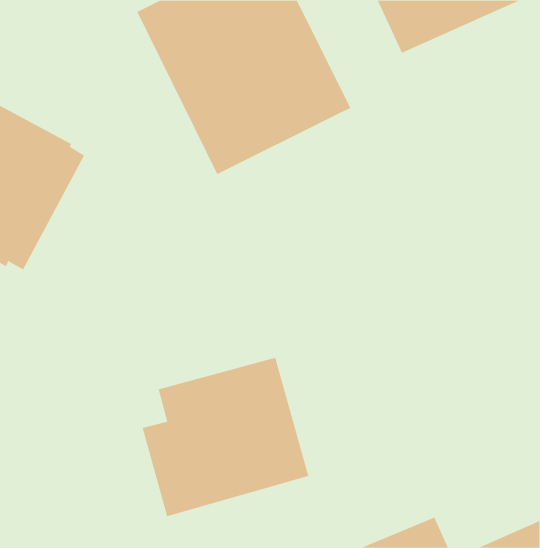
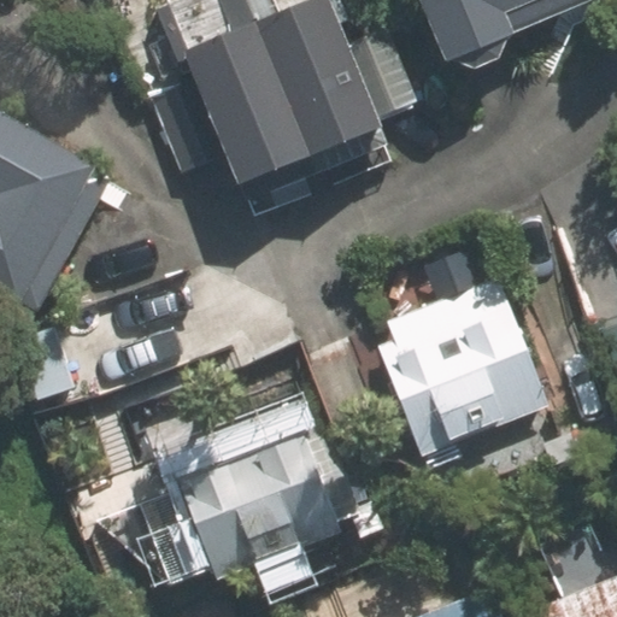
building: none -> [360,235,553,463]

